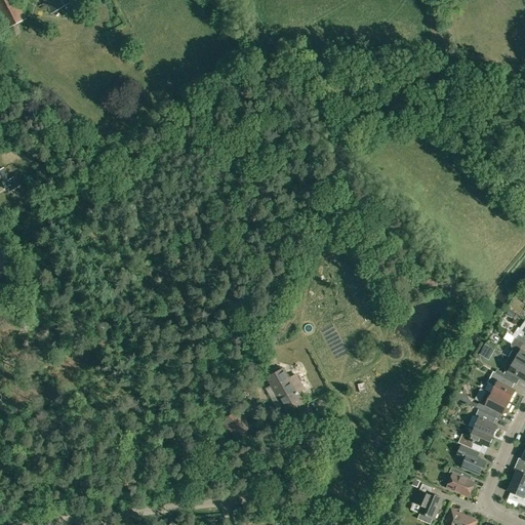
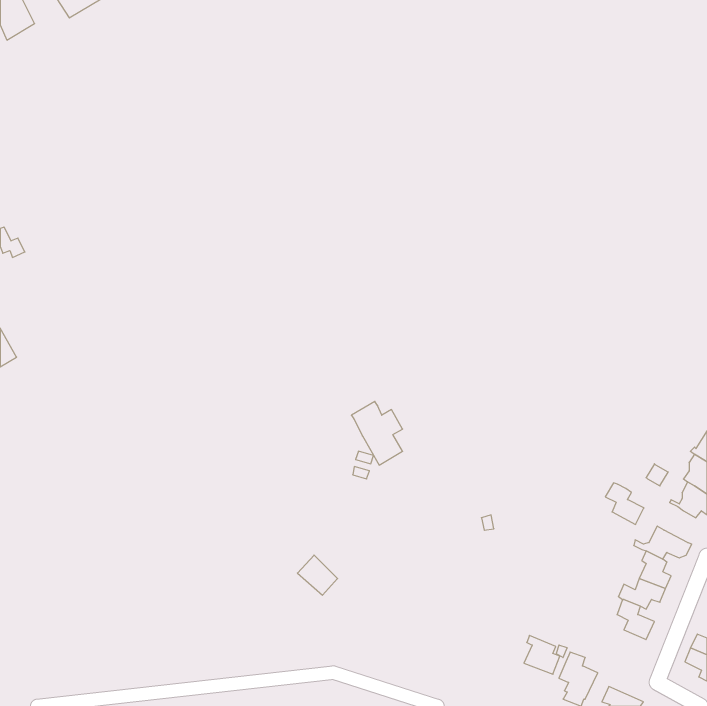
building: [266,367,304,414] -> [351,401,403,465]
building: [487,371,516,402] -> [605,483,644,524]
building: [447,467,474,495] -> [524,635,560,674]

